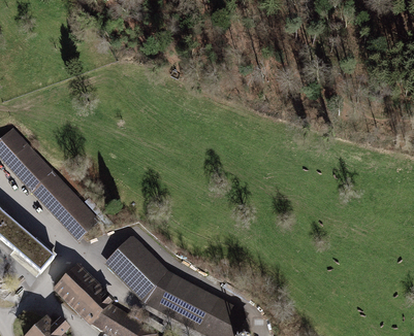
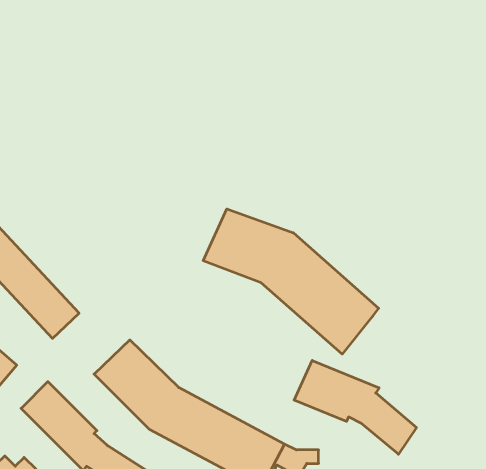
building: none -> [203,209,379,354]
building: none -> [294,360,416,454]

